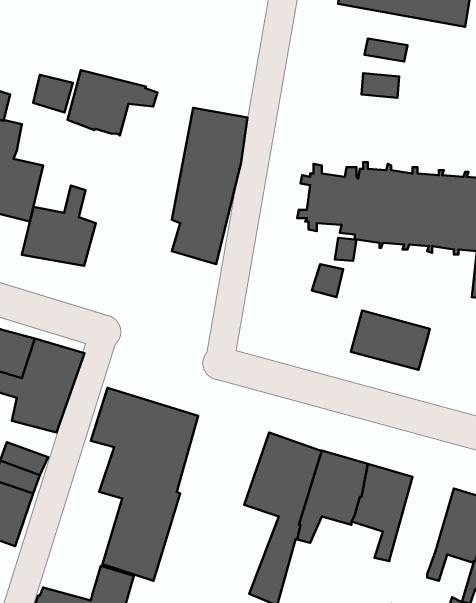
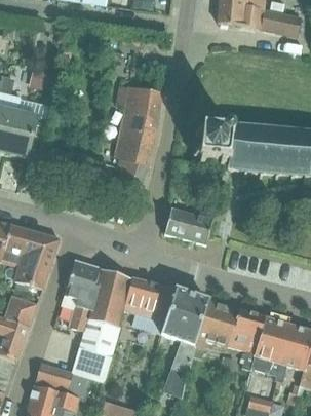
building: [67,70,157,135] -> none
building: [22,186,96,266] -> none
building: [351,311,430,370] -> [164,207,213,244]
building: none -> [118,278,176,334]
building: none -> [250,316,290,375]
building: none -> [36,363,71,389]

